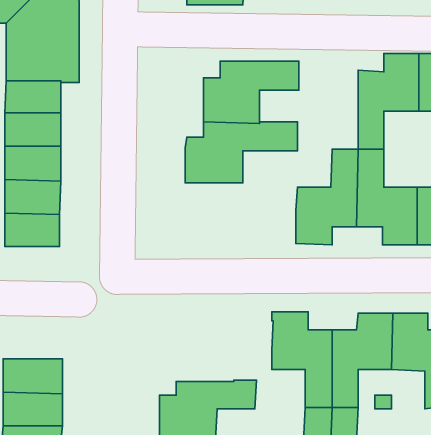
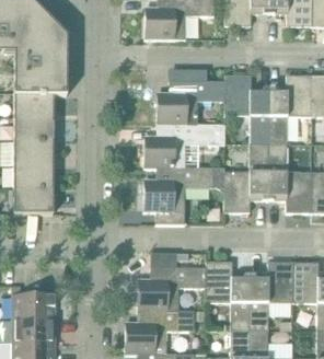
building: none -> [224,74,268,143]
building: none -> [143,166,224,224]
building: none -> [137,266,207,311]

